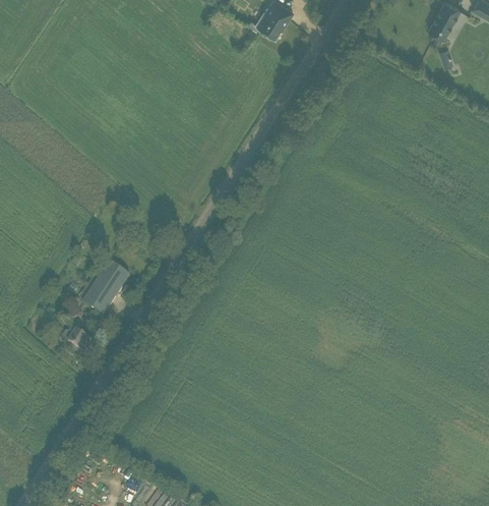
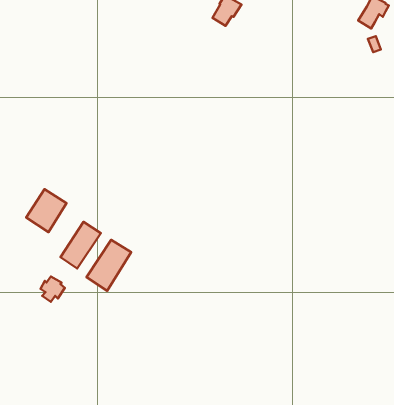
building: none -> [26,189,67,232]
building: none -> [87,240,131,291]

